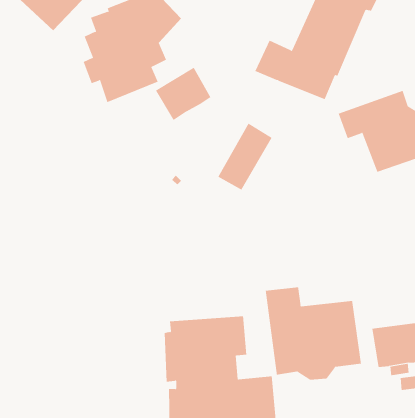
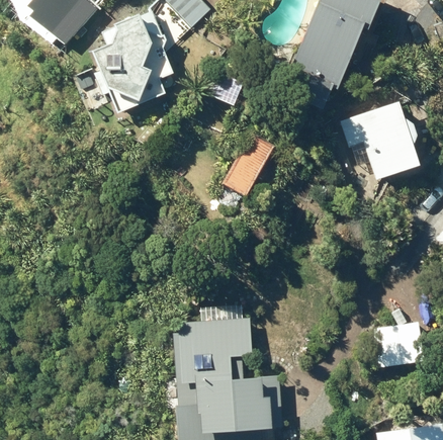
building: [155,67,211,121] -> none
building: [265,286,362,380] -> none

